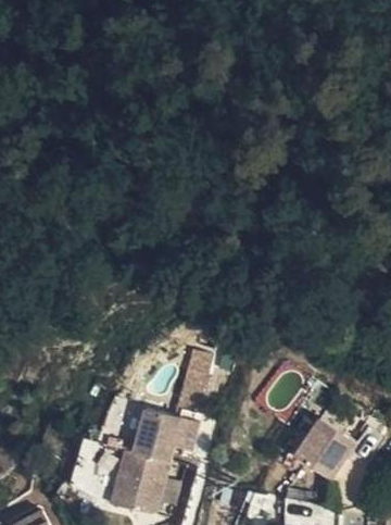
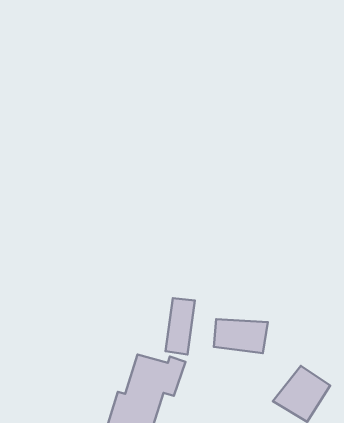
building: none -> [214,319,268,353]

